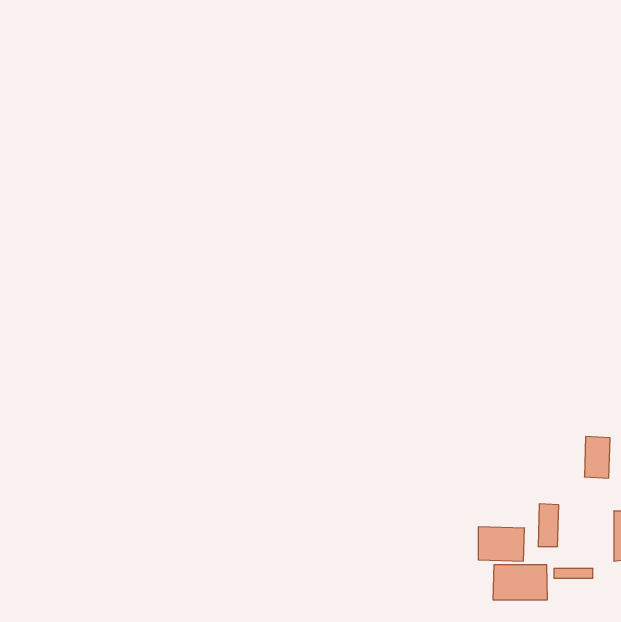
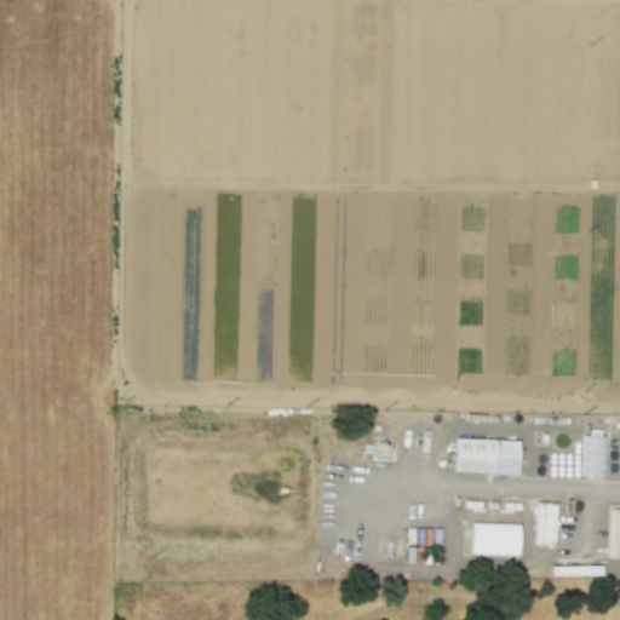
building: none -> [459,440,522,475]
building: [493,565,547,600] -> none

